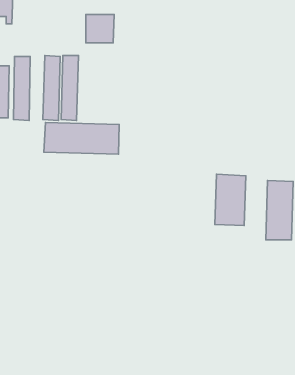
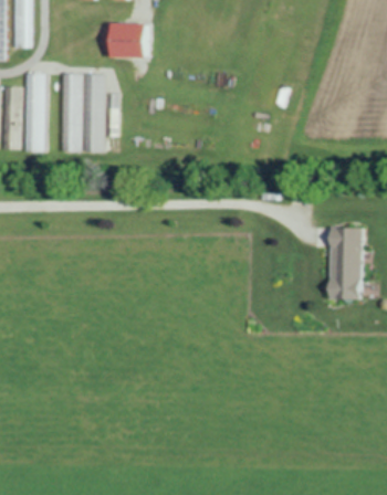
building: [44,123,119,154] -> none
building: [215,174,246,225] -> none

